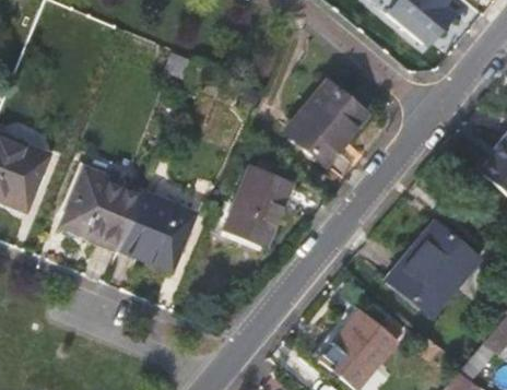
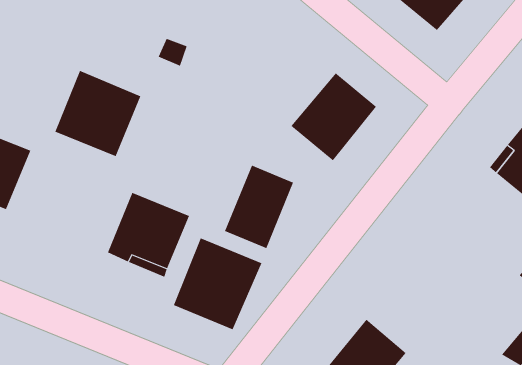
building: [63,169,143,249] -> [55,70,141,157]
building: [390,222,476,316] -> none
building: none -> [173,237,262,330]

